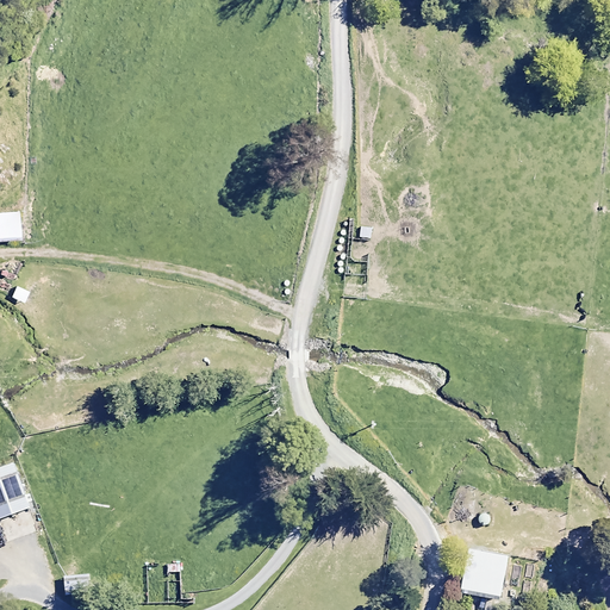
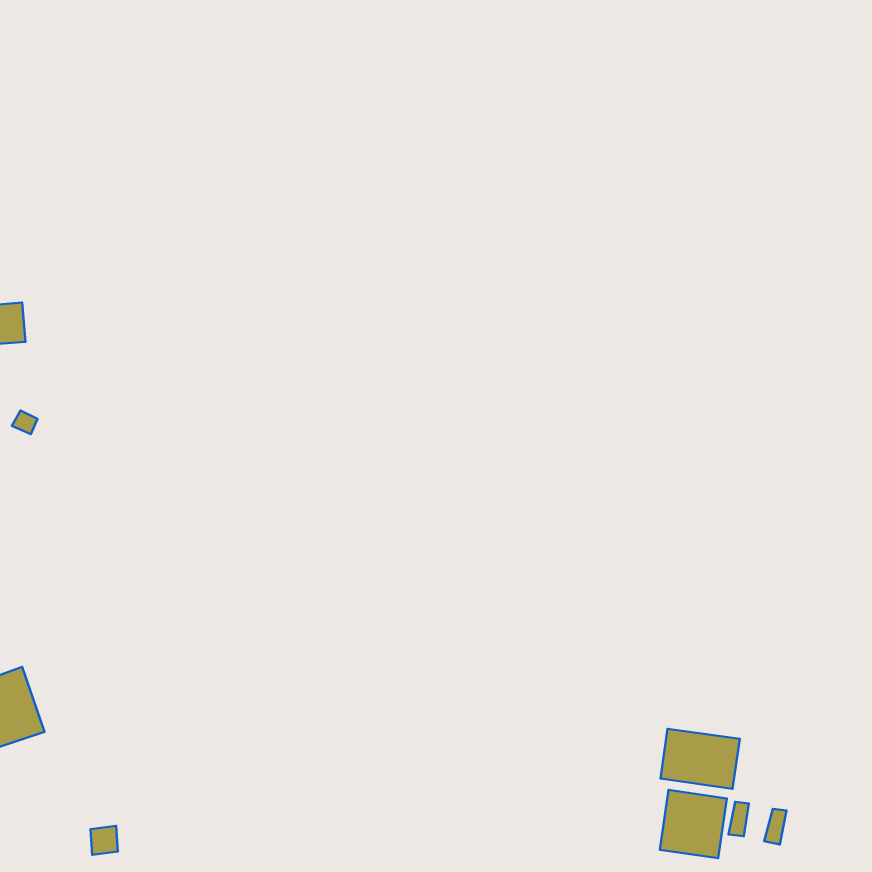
building: none -> [660,729,740,789]

